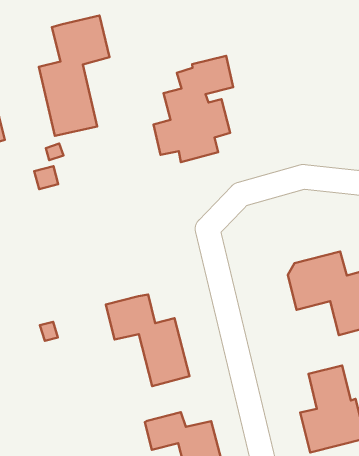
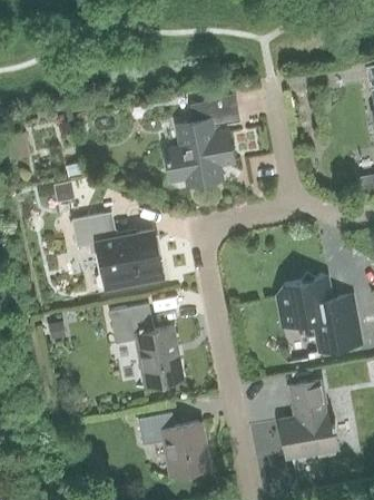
building: [39,15,110,136] -> none
building: none -> [72,215,161,291]

